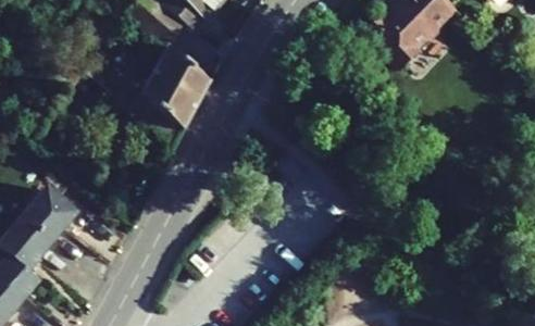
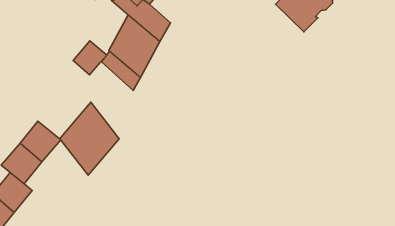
building: none -> [73,41,107,75]
building: none -> [60,102,119,175]

